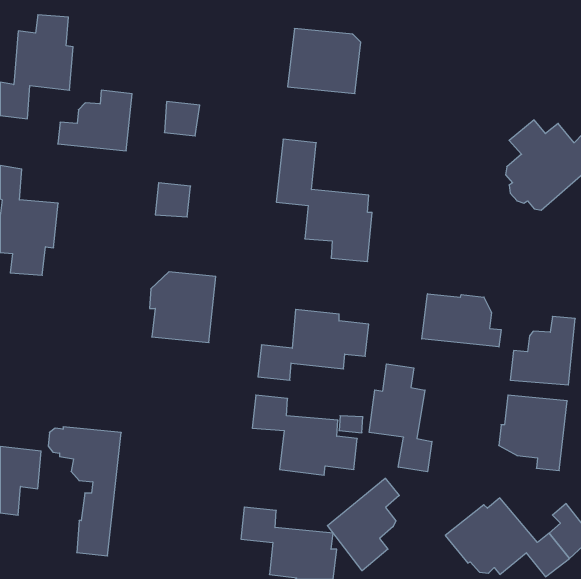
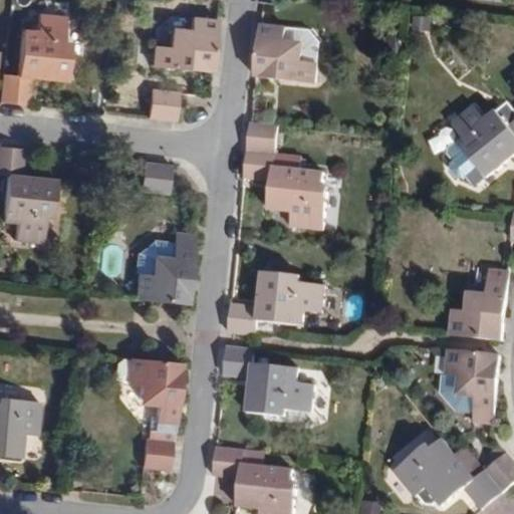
building: [58,90,132,151] -> [150,18,215,71]
building: [422,294,501,347] -> none
building: [369,364,432,472] -> none
building: [48,427,121,556] -> [115,355,180,469]
building: [327,478,399,571] -> none

